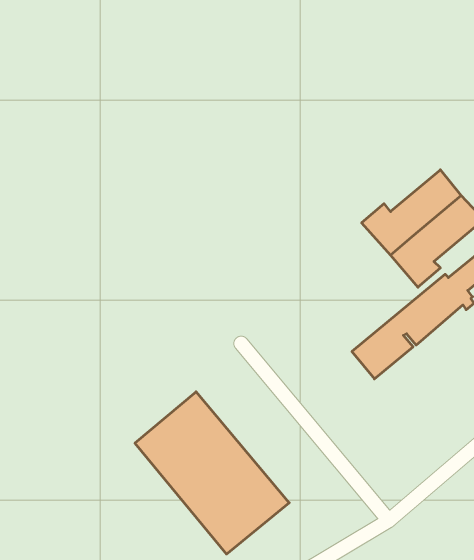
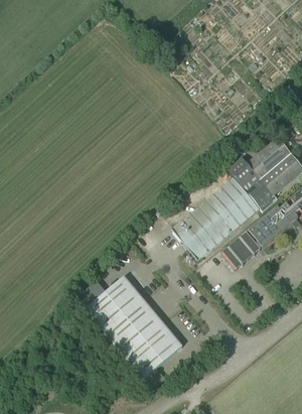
building: none -> [171,178,258,261]

